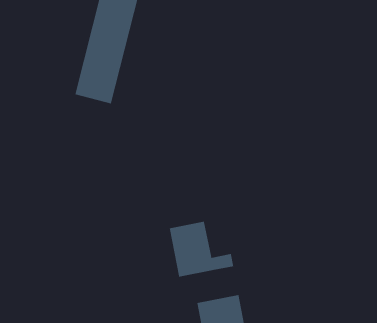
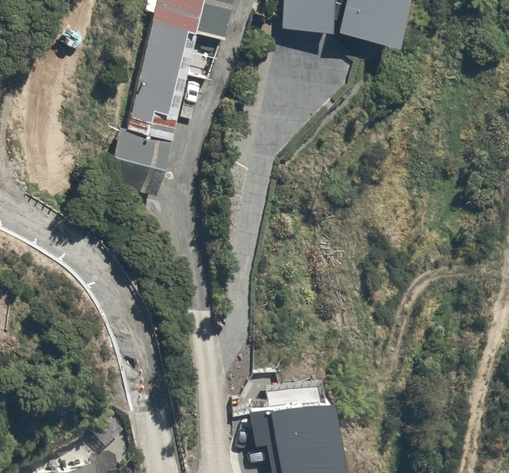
building: [169,221,234,277] -> none

